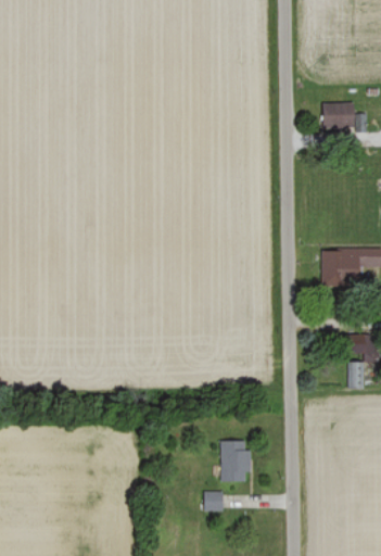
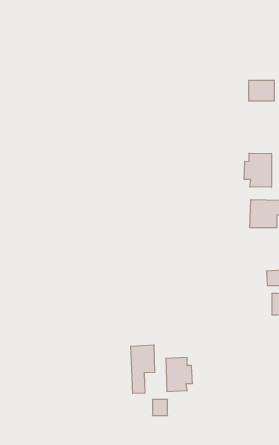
building: none -> [244,153,271,187]
building: none -> [131,345,155,394]

